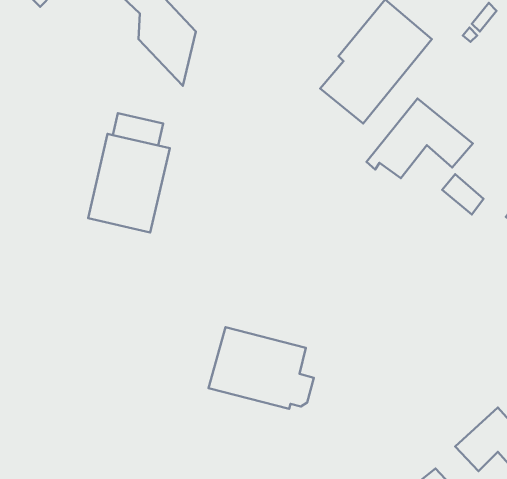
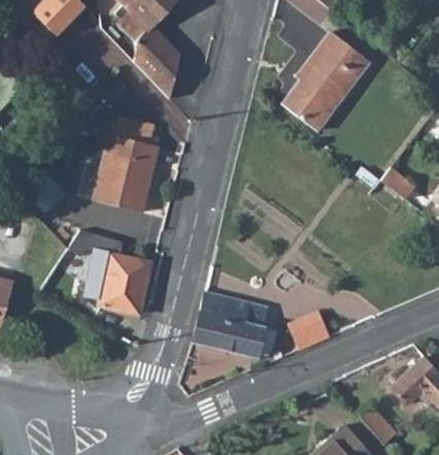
building: [367,99,473,178] -> none
building: none -> [41,230,155,315]
building: none -> [284,313,328,351]

